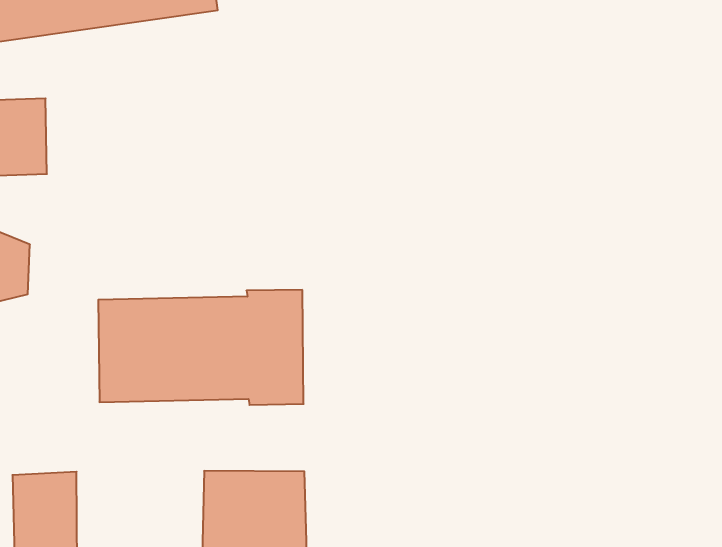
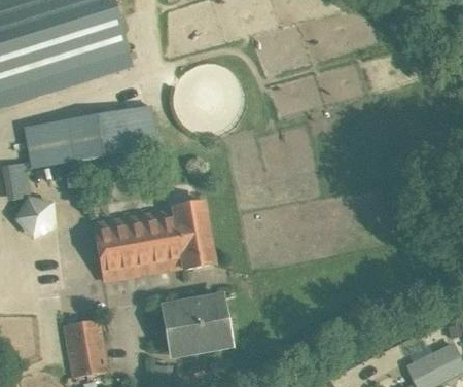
building: none -> [69,105,158,161]

